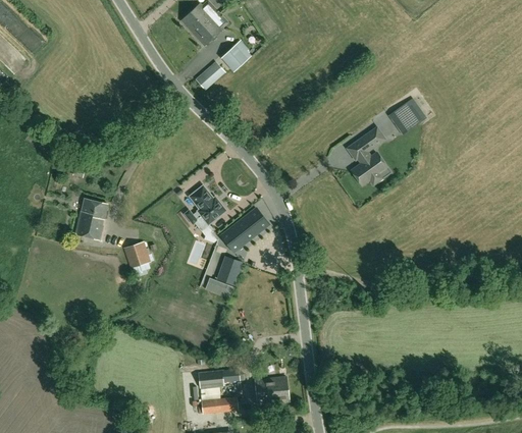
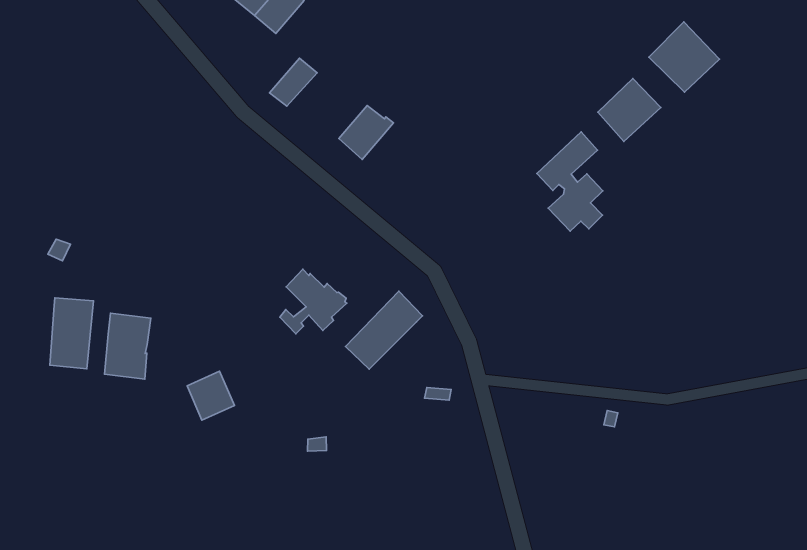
building: [220,40,254,71] -> [339,106,394,160]
building: none -> [649,22,719,92]
building: none -> [50,298,93,369]
building: [217,256,241,284] -> none

